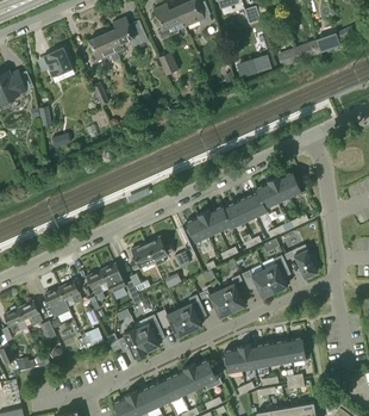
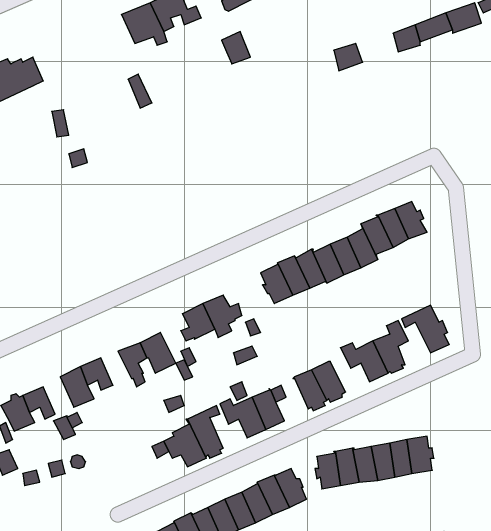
building: [43,48,73,77] -> none

